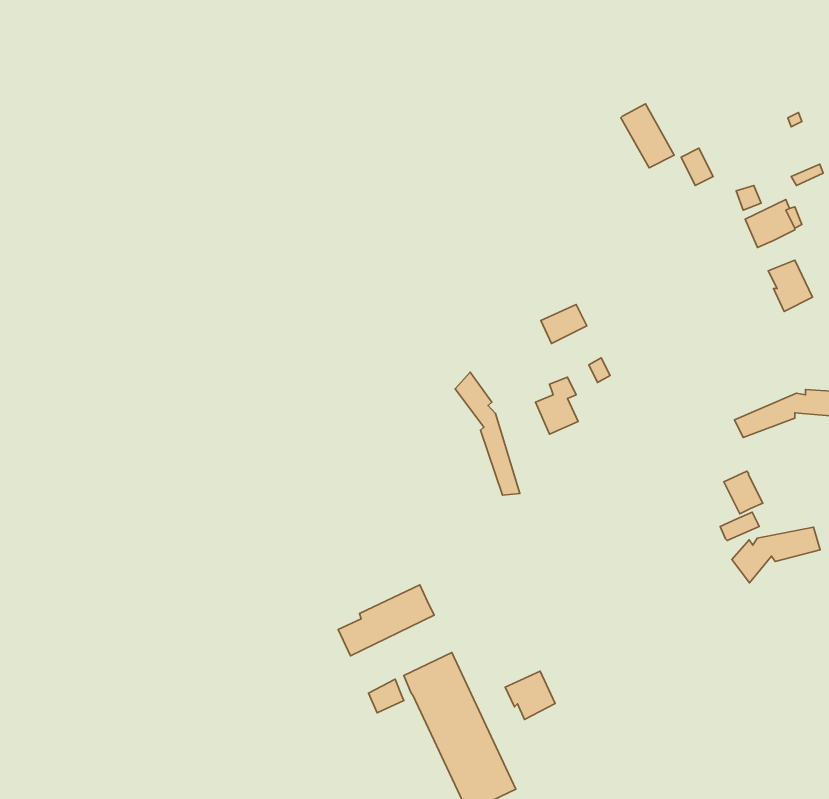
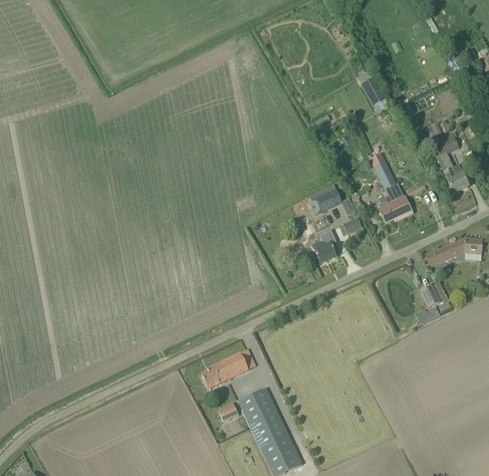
building: none -> [371,154,412,223]
building: [455,372,520,495] -> none
building: [732,527,820,583] -> none
building: [505,671,555,720] -> none

